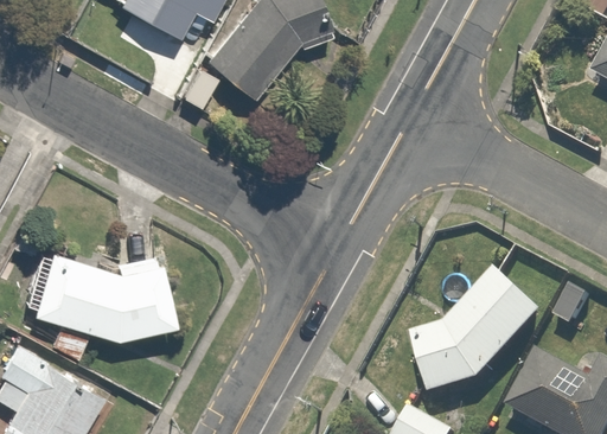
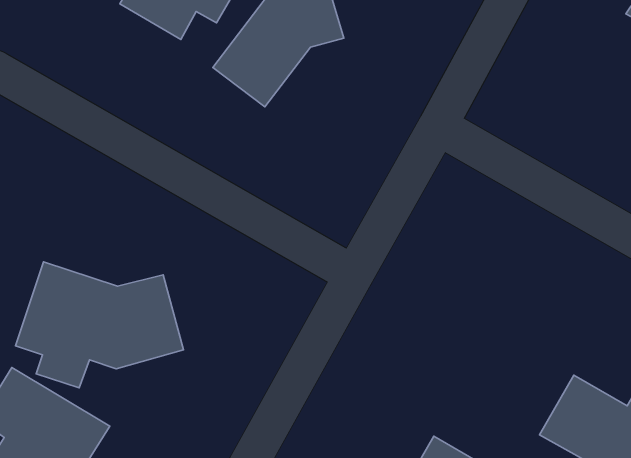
building: [413,269,549,400] -> none

